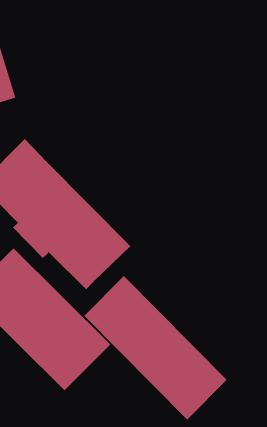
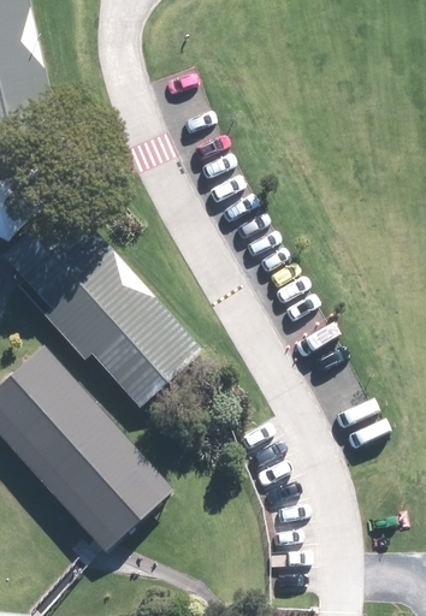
building: [84,275,227,421] -> none

